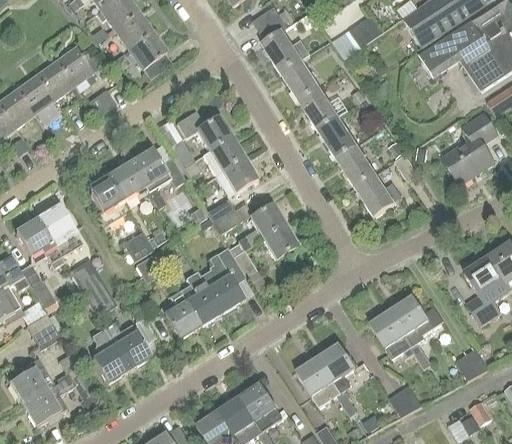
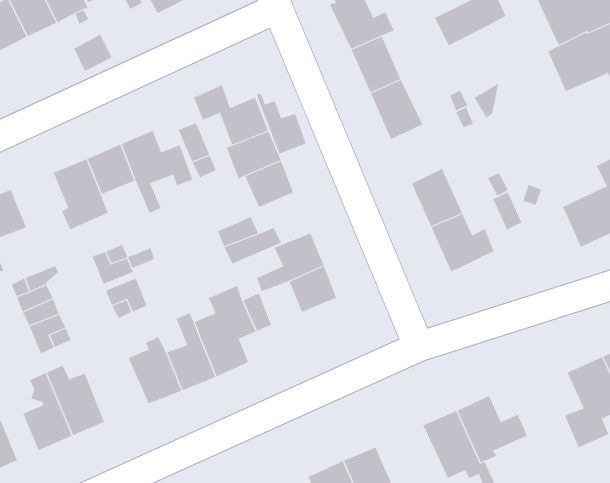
building: none -> [256,93,307,155]
building: [317,116,356,158] -> none

